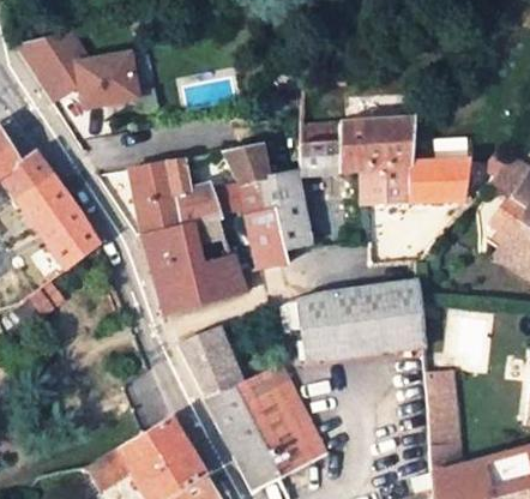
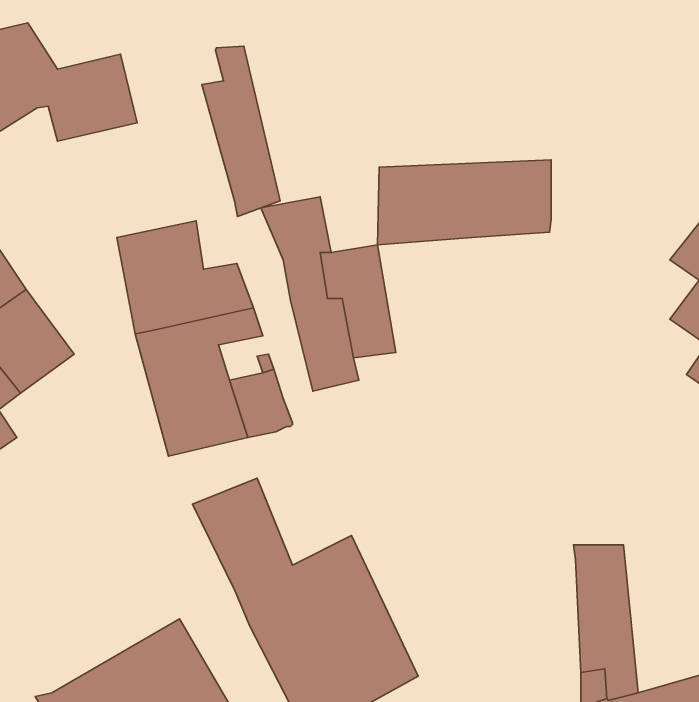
building: none -> [202,46,280,216]
building: [361,157,472,205] -> none
building: [291,278,424,363] -> none

